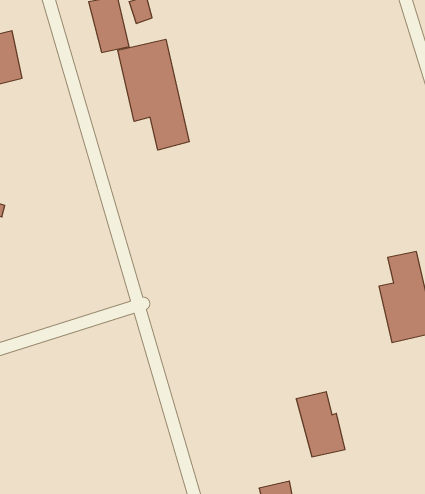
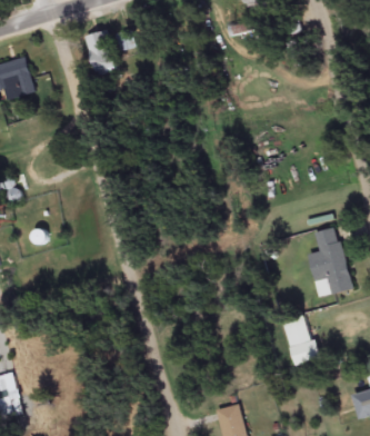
building: [118,39,189,150] -> none
building: [296,392,345,457] -> [282,315,320,365]

